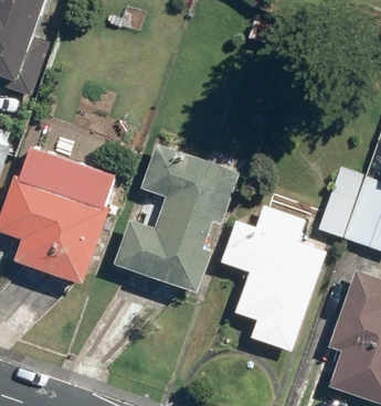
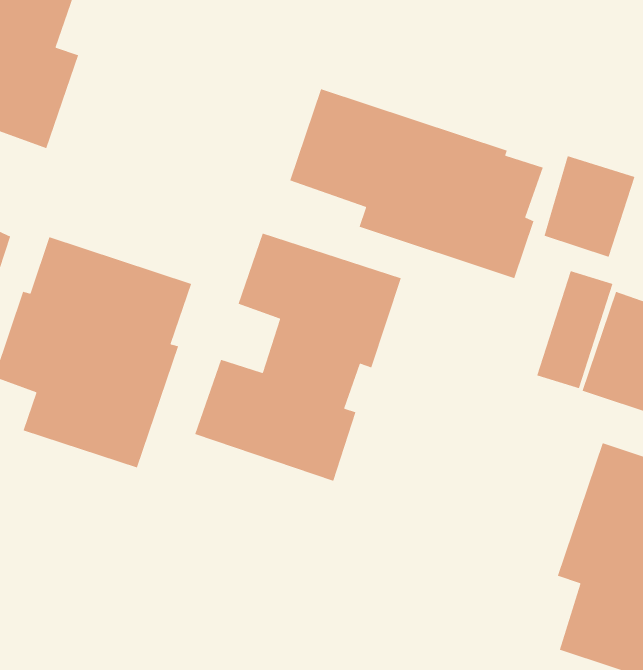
building: none -> [289,88,544,279]
building: none -> [543,155,635,258]
building: [221,204,326,349] -> none

